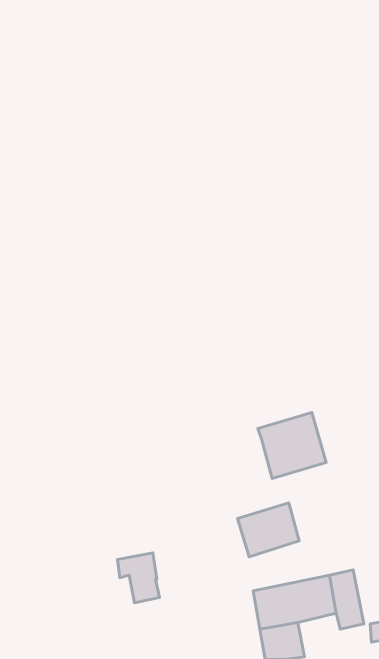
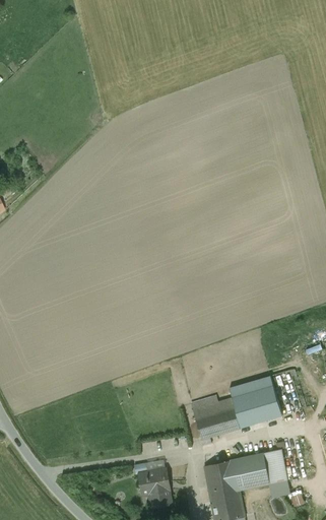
building: [258,413,326,478] -> [229,377,281,428]
building: [117,553,159,603] -> [138,469,171,508]

